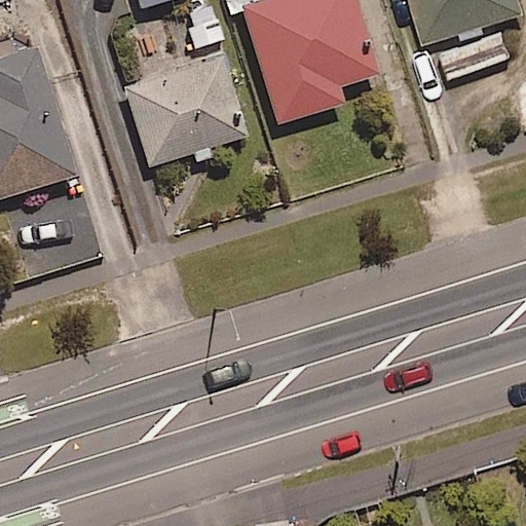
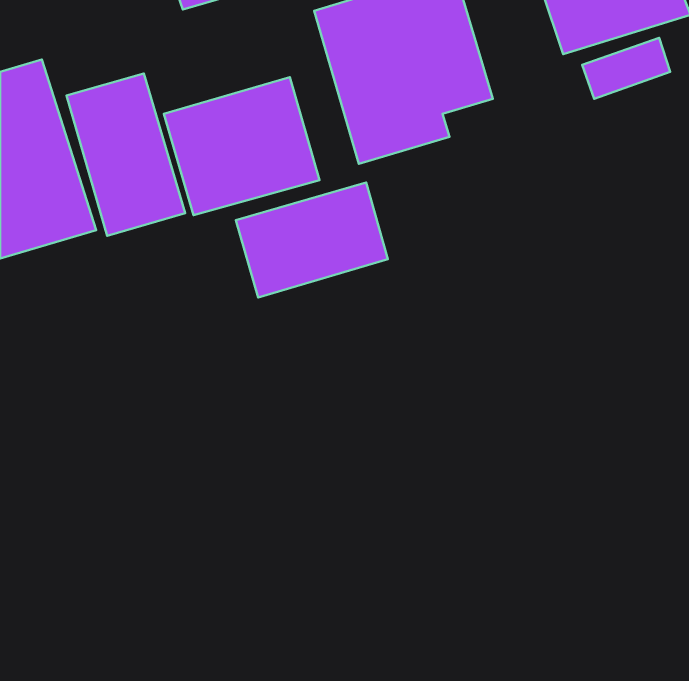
building: none -> [67,74,185,236]
building: none -> [236,183,388,297]

